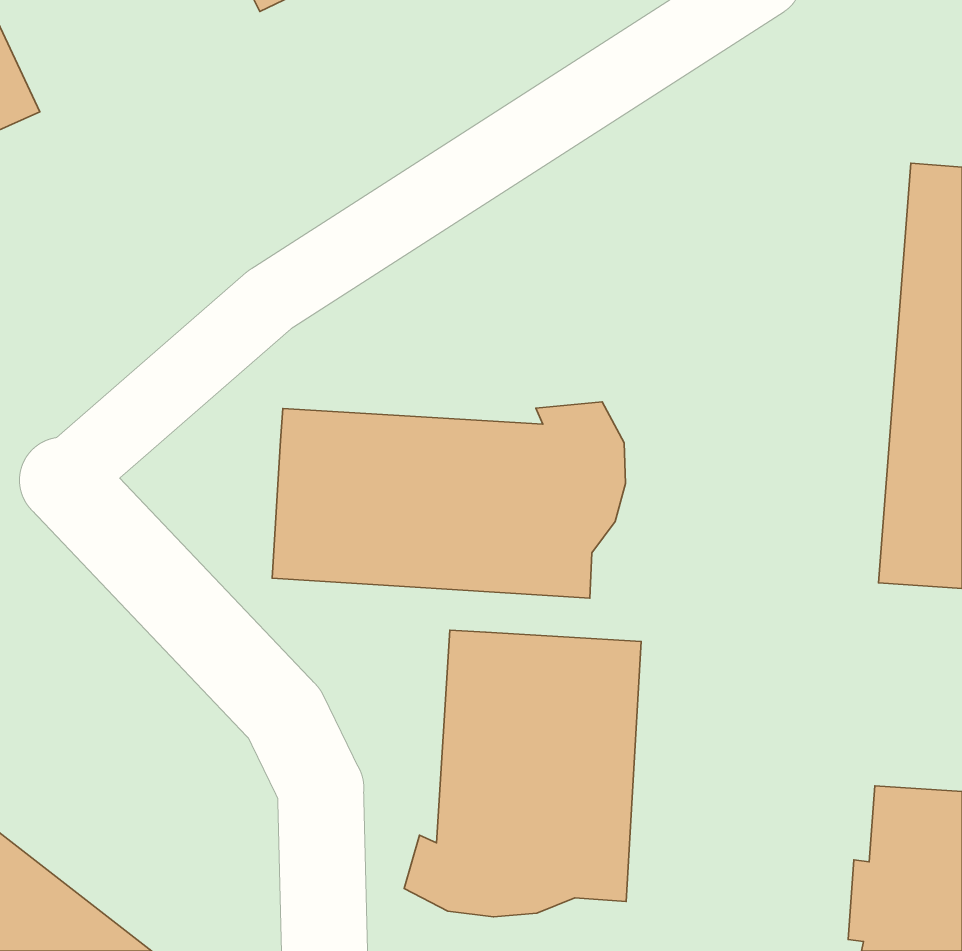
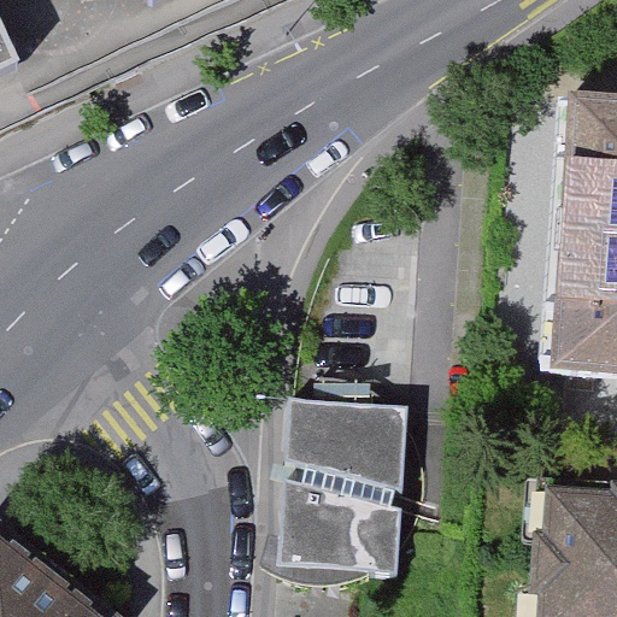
building: [272,402,625,598] -> none

